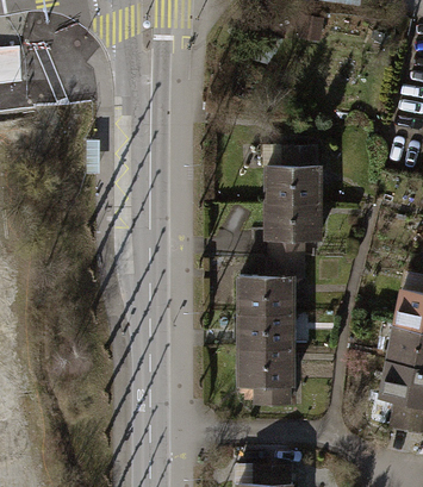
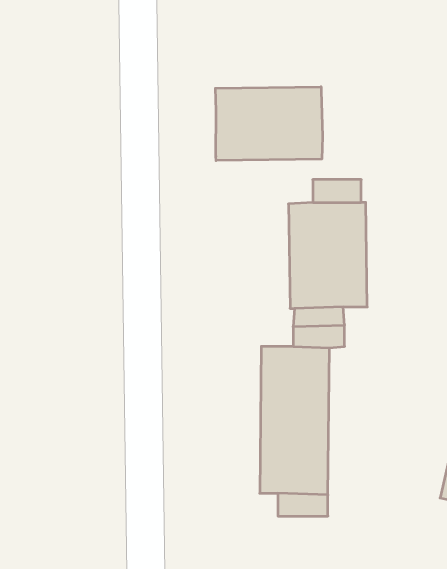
building: none -> [215,87,323,161]

